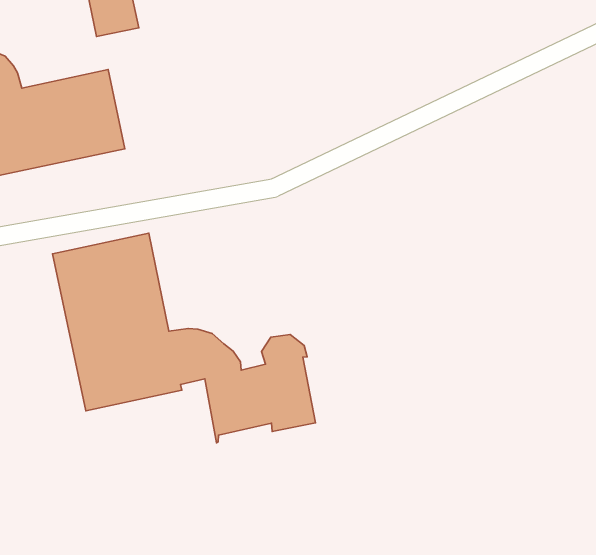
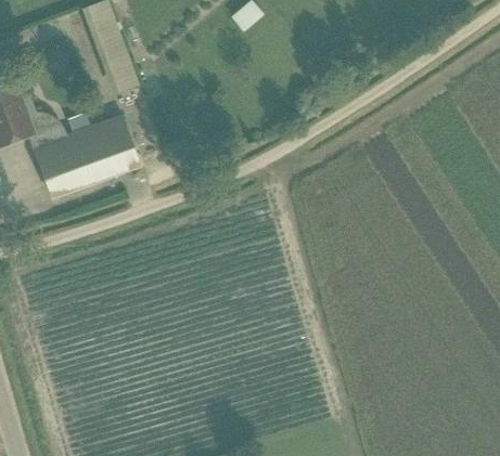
building: [53,233,316,443] -> none

